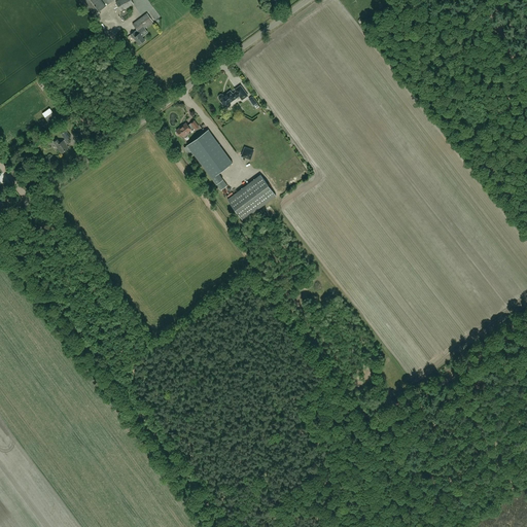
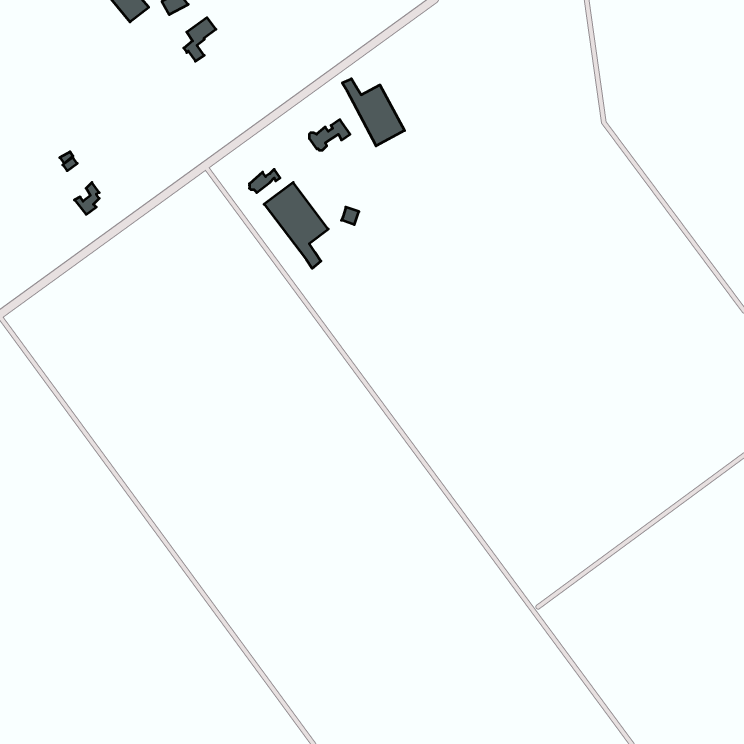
building: none -> [342,79,405,146]
building: [226,174,275,219] -> none

